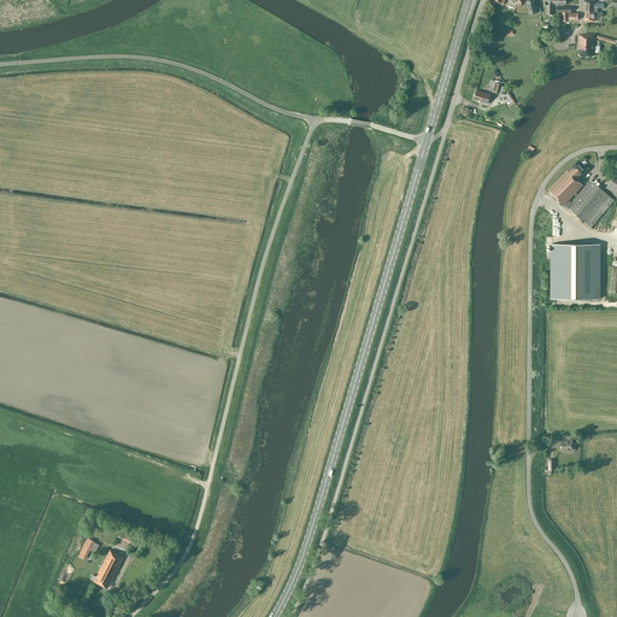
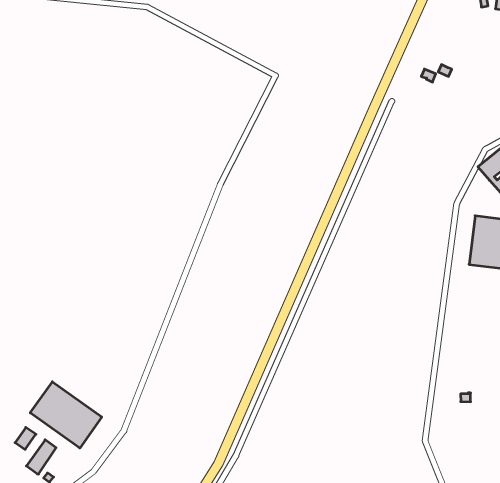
building: none -> [30,382,102,448]

